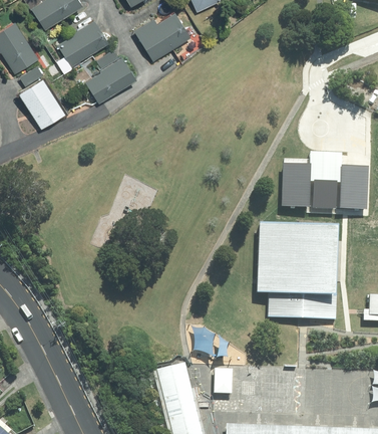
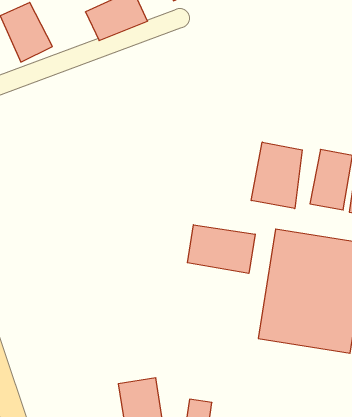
building: none -> [251,142,302,209]
building: none -> [187,225,255,273]

